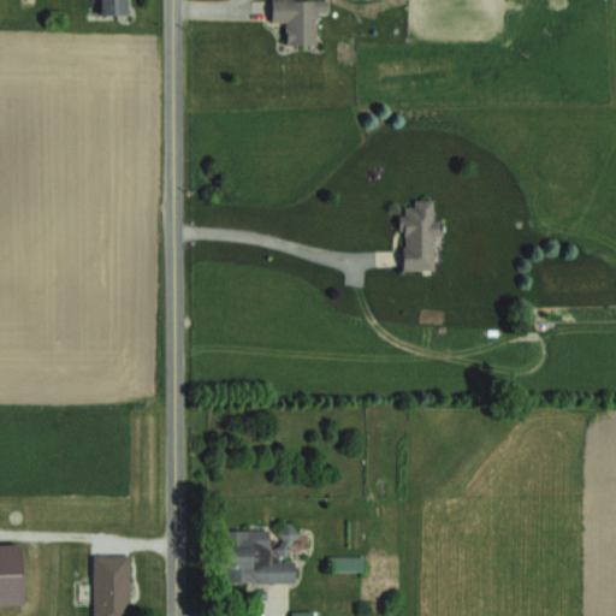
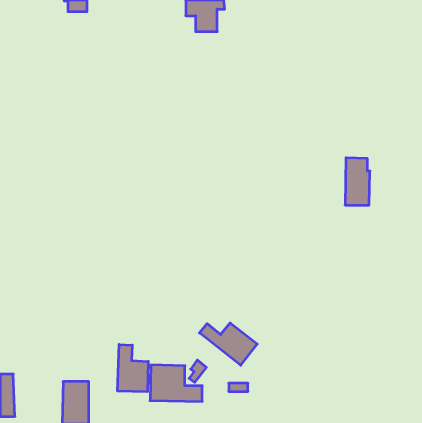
building: [402,202,438,271] -> [345,158,370,205]
building: none -> [199,323,257,365]
building: none -> [118,344,148,392]

